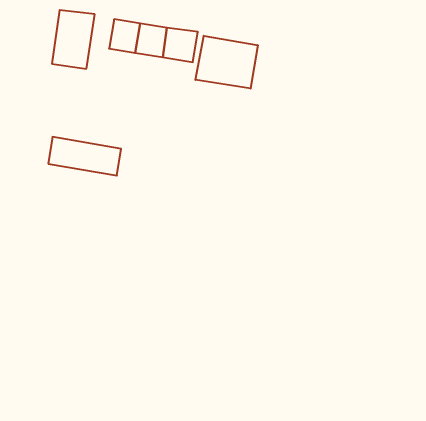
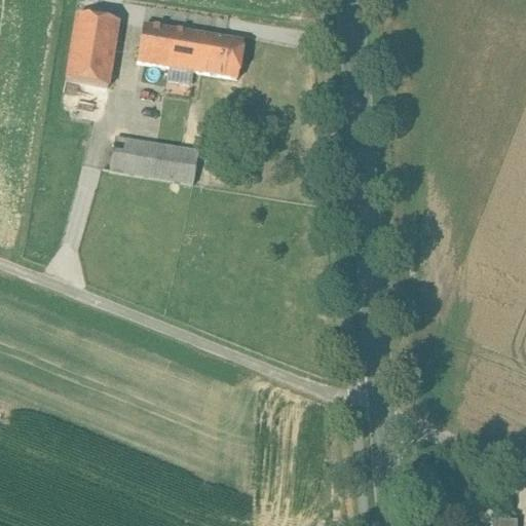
building: [195,36,258,89] -> none
building: [48,137,121,176] -> [110,135,199,182]

